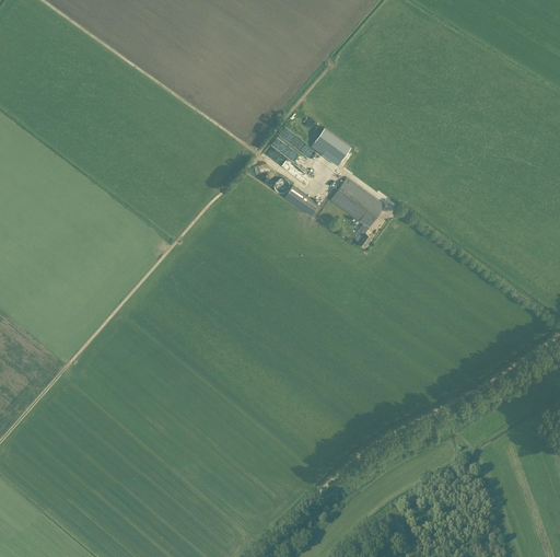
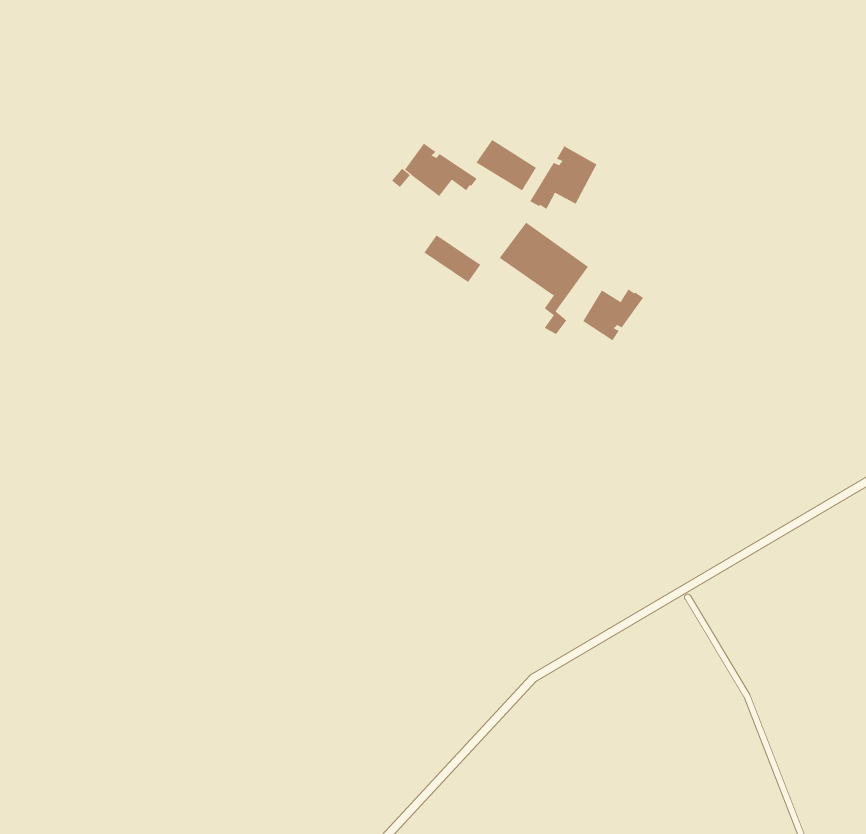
building: none -> [529,145,597,210]
building: none -> [582,289,644,341]

